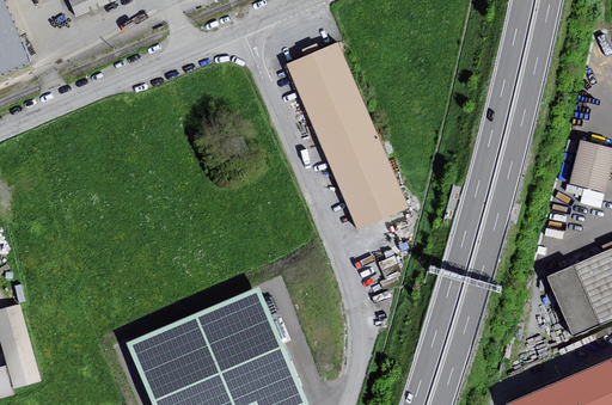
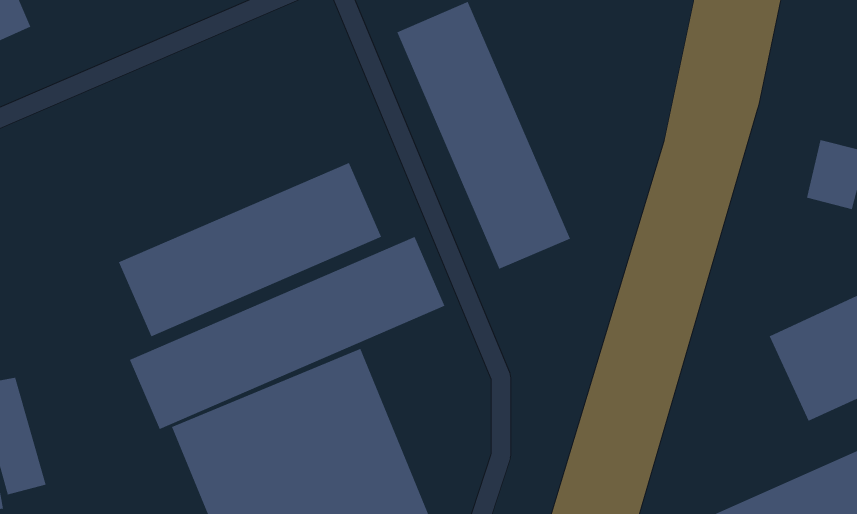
building: none -> [118,162,382,337]
building: none -> [129,236,445,430]

